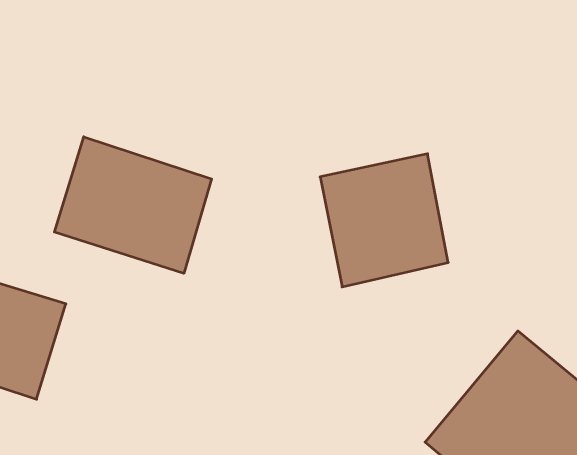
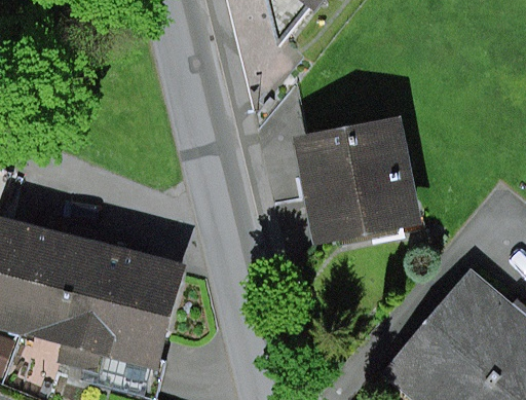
building: [54,137,212,273] -> none
building: none -> [66,261,171,366]

